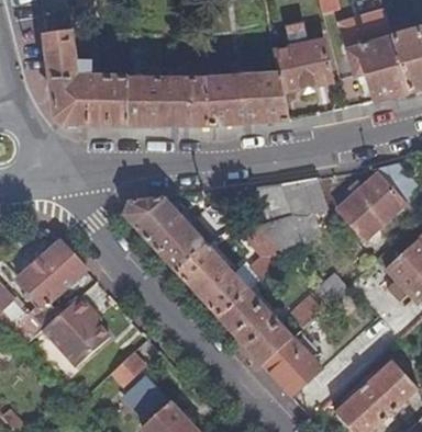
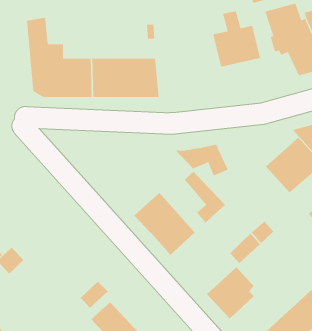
building: [203,71,289,126] -> none
building: [262,177,327,258] -> none
building: [125,196,208,271] -> none
building: [20,238,89,300] -> none
building: [221,292,296,367] -> none
building: [46,293,109,361] -> none

